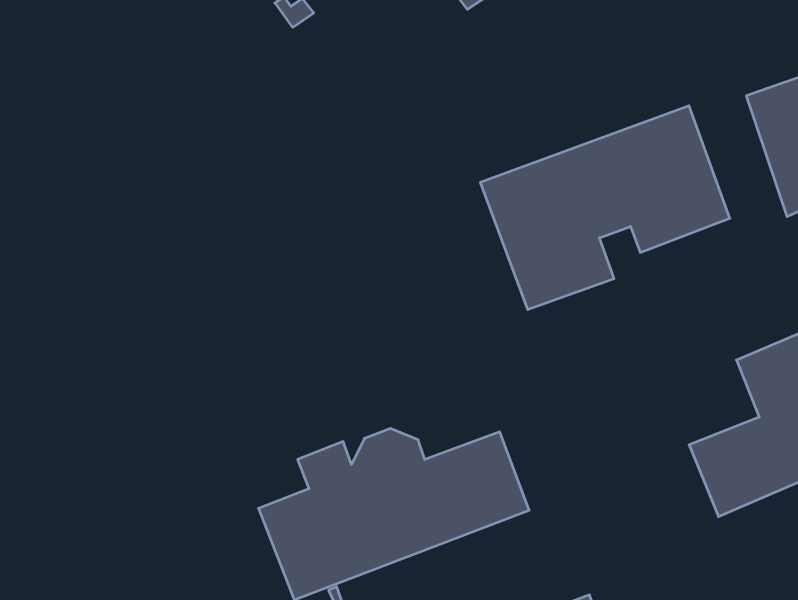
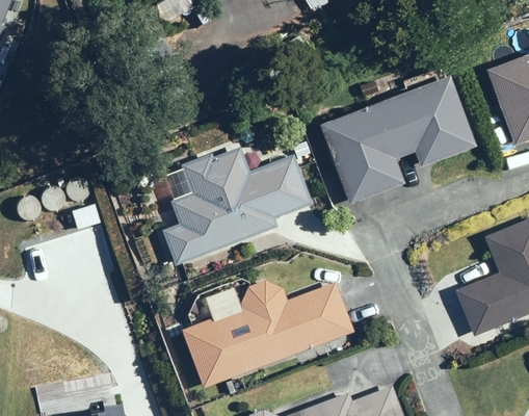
building: none -> [162,146,312,264]

